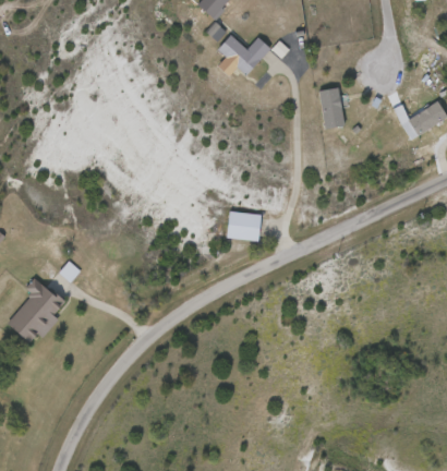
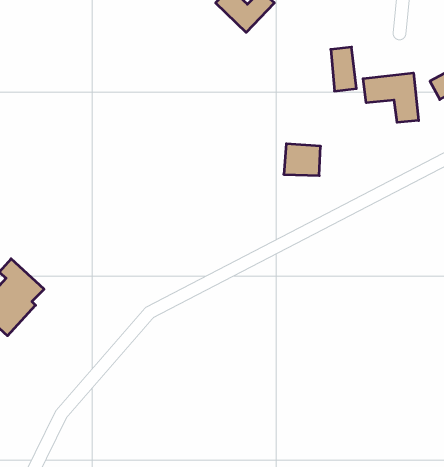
building: none -> [363,73,419,122]
building: [227,212,259,240] -> [284,144,321,176]

